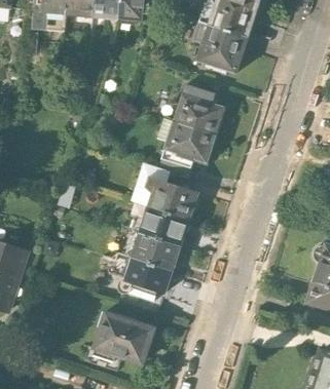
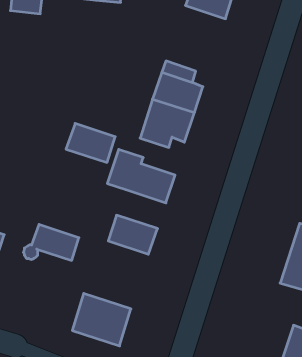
building: [197,24,249,74] -> none
building: [140,207,189,246] -> [66,123,115,162]
building: [116,259,172,295] -> [23,224,79,260]

